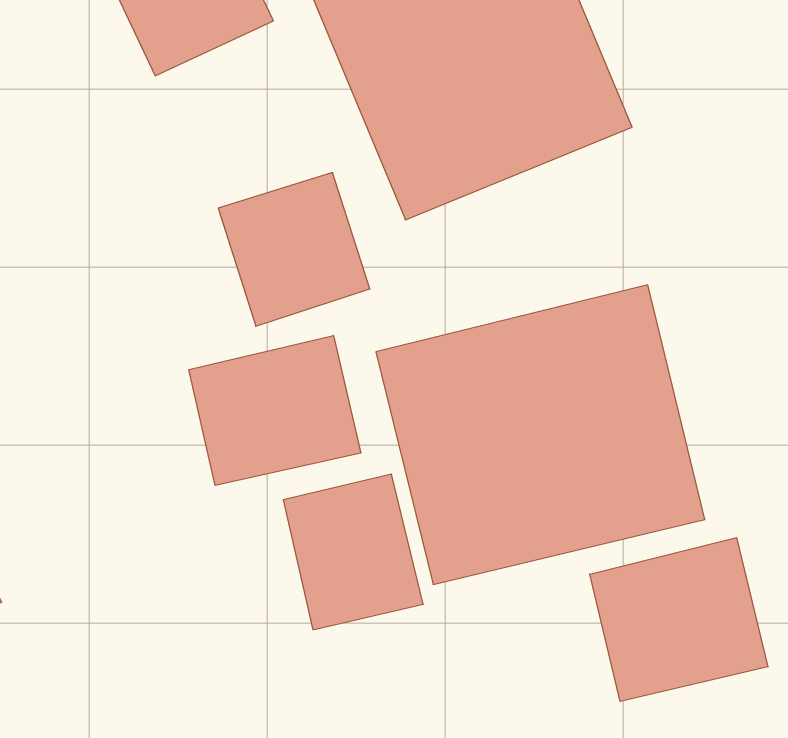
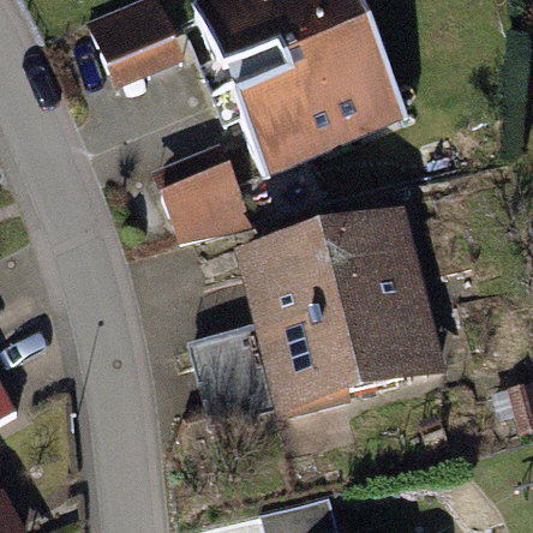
building: [189,335,361,485] -> none
building: [590,538,768,701] -> none

